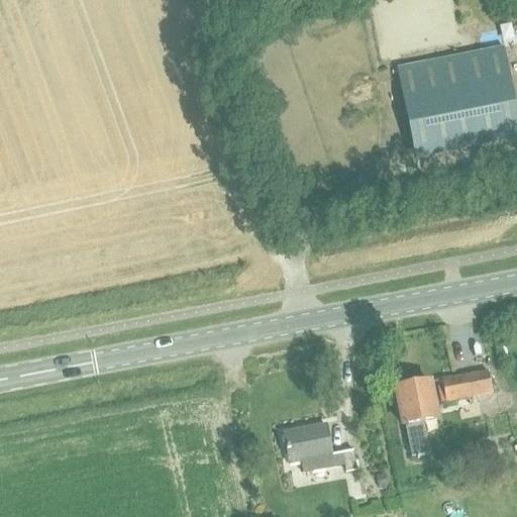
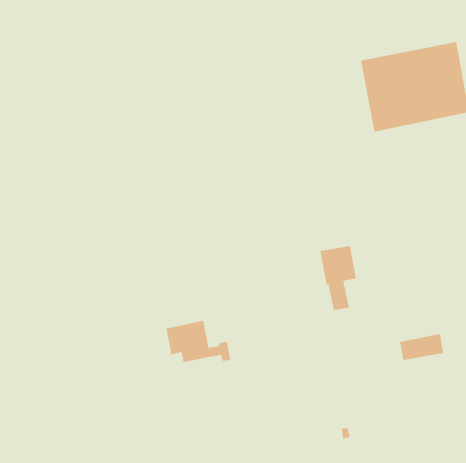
building: [396,379,437,451] -> [320,245,357,311]
building: [283,422,355,470] -> [165,320,231,363]

